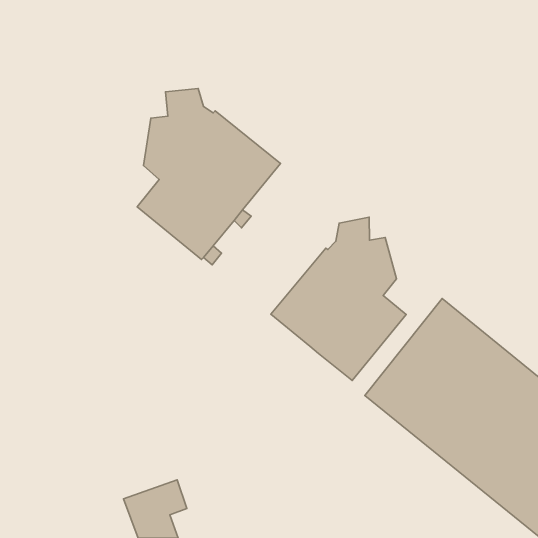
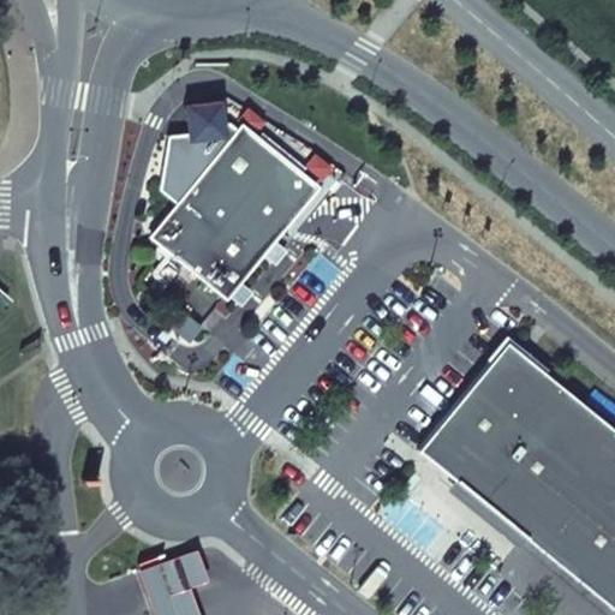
building: [271,217,406,380] -> none

